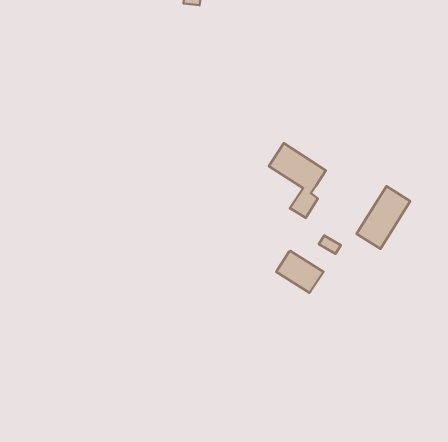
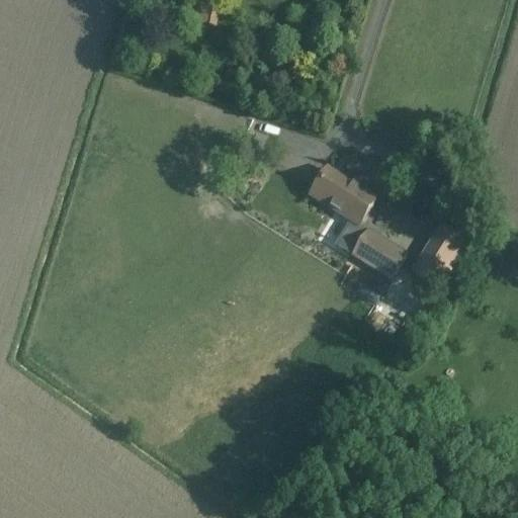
building: [276,251,323,293] -> [351,228,406,276]

